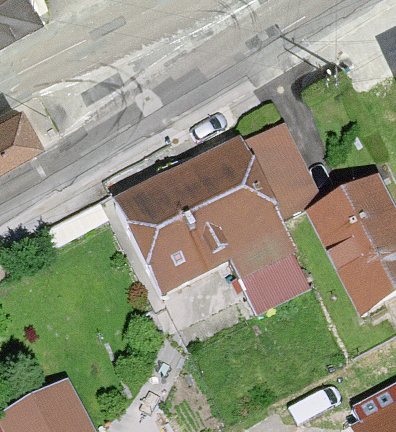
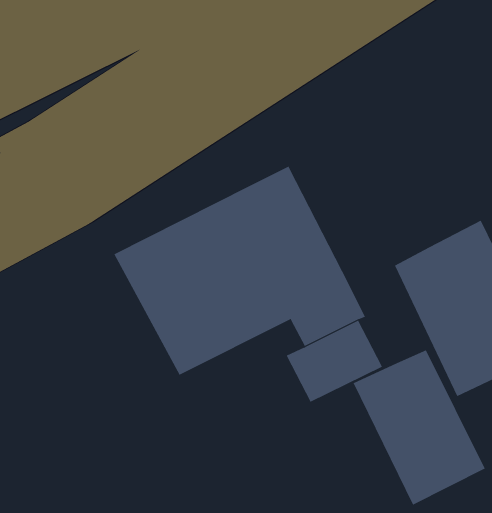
building: [241,129,316,220] -> none
building: none -> [353,350,486,506]

